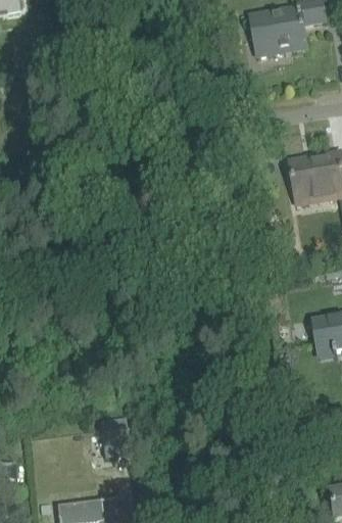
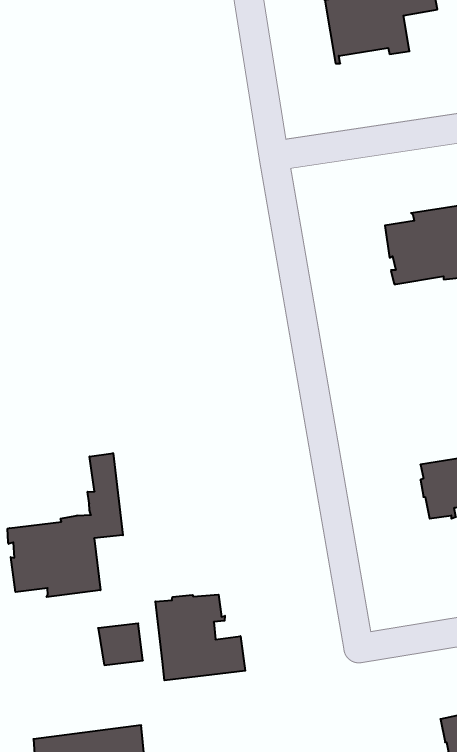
building: none -> [8,453,123,597]
building: none -> [155,595,245,680]

